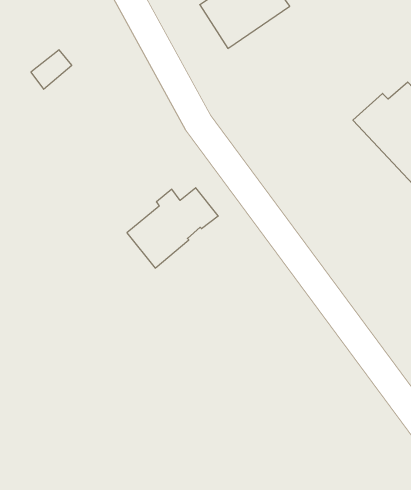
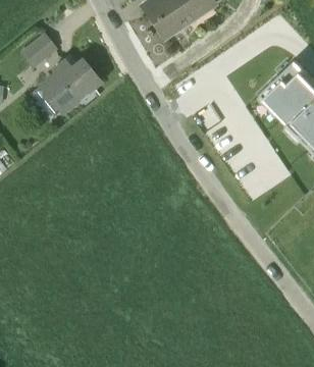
building: [127,188,218,268] -> [31,62,97,120]

